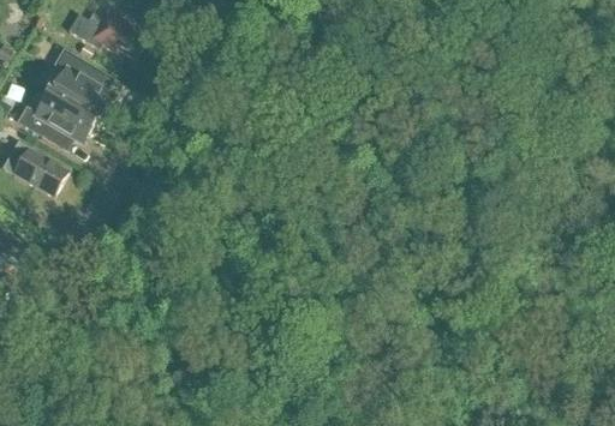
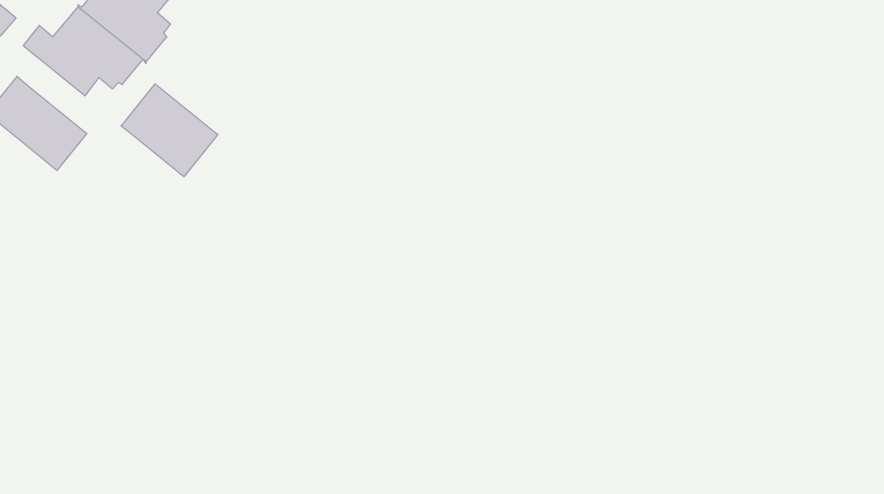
building: none -> [121,84,218,177]

